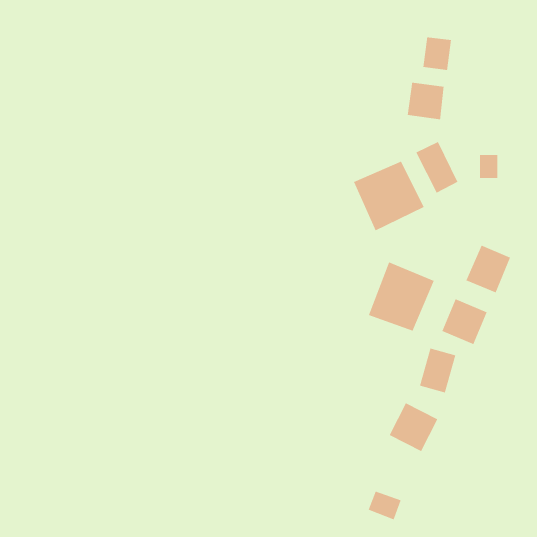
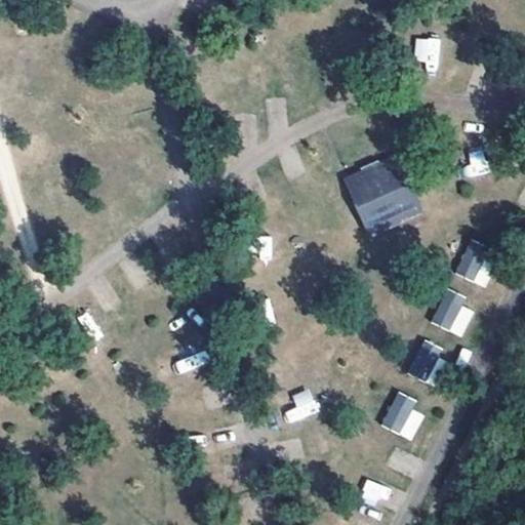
building: [407,82,444,120] -> none
building: [415,141,458,193] -> none
building: [368,262,434,331] -> none

